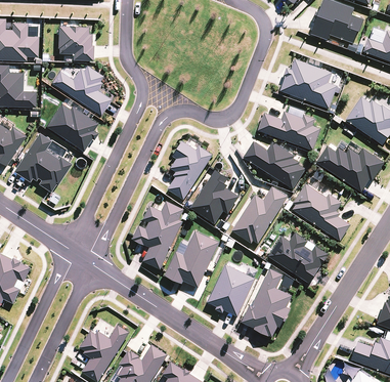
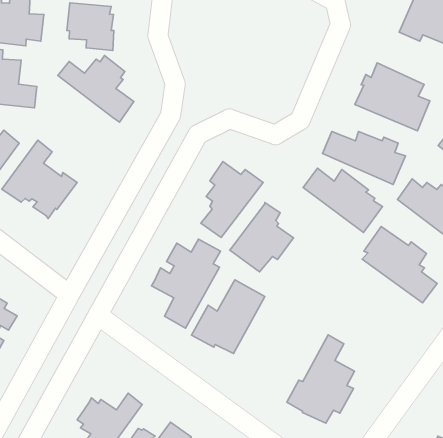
building: [45,103,97,152] -> none
building: [231,187,288,244] -> none
building: [268,232,328,284] -> none
building: [207,265,255,316] -> none

